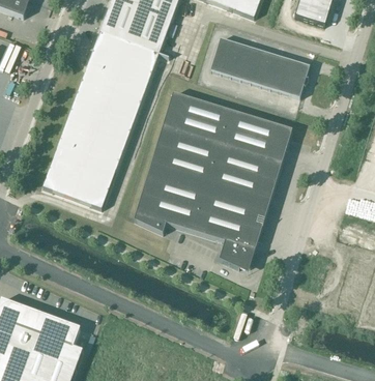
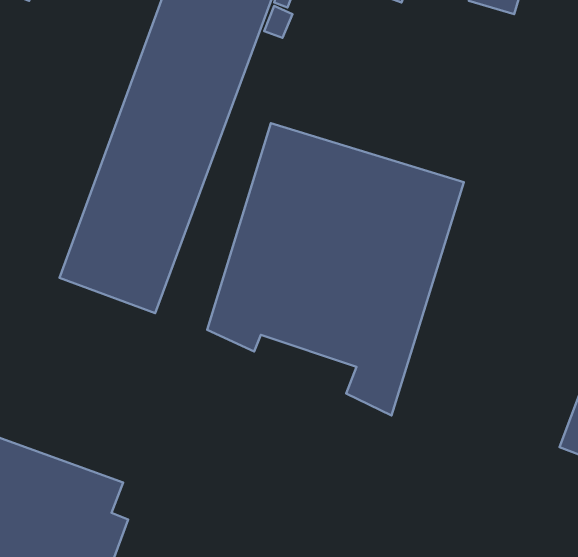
building: [210,37,310,96] -> none

